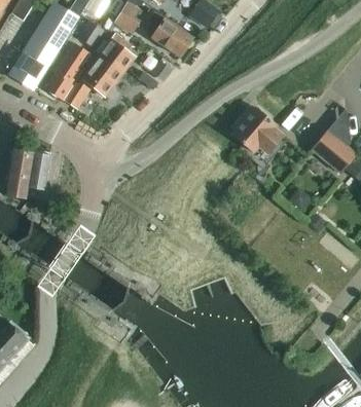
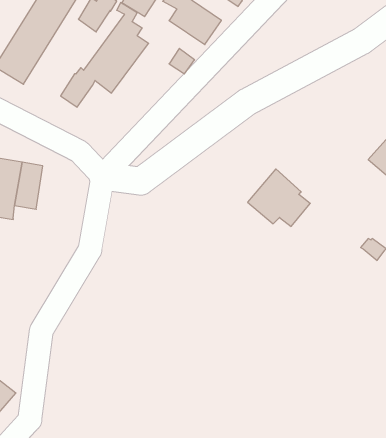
building: [45,42,91,99] -> none
building: [233,107,284,153] -> [248,169,310,226]

